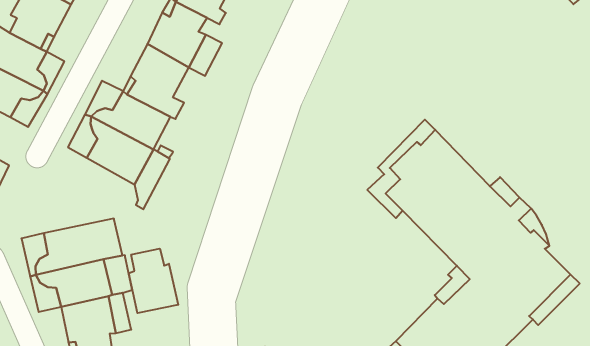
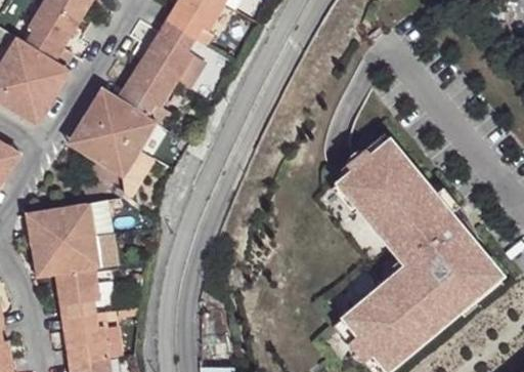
building: [129,249,178,313] -> none

